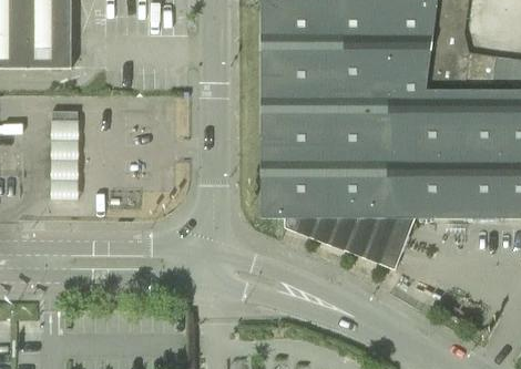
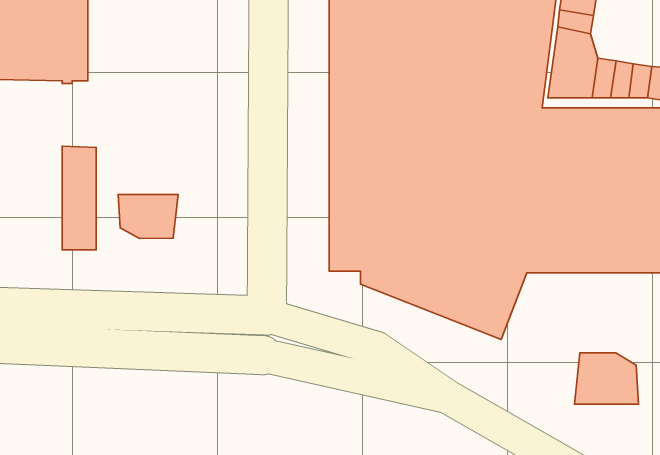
building: none -> [118,195,178,238]
building: none -> [574,353,638,404]

